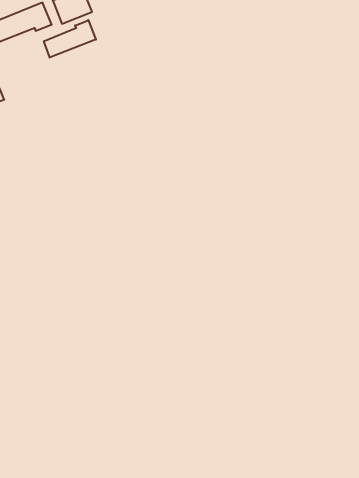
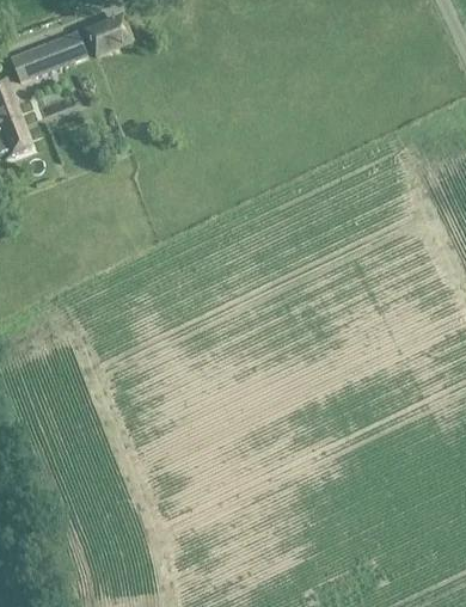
building: [44,20,96,58] -> none

